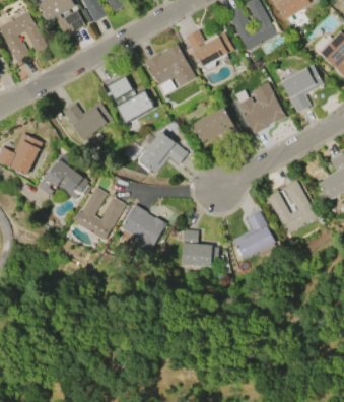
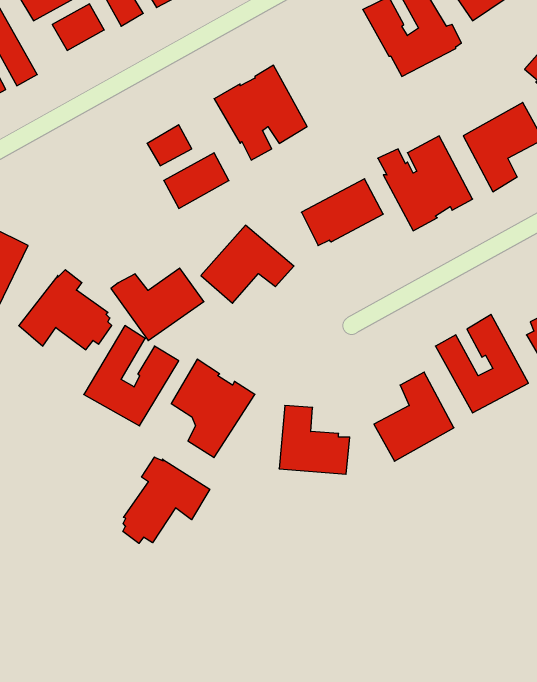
building: [185,29,233,67] -> none
building: [62,100,113,140] -> [111,268,204,341]
building: none -> [123,457,210,543]

